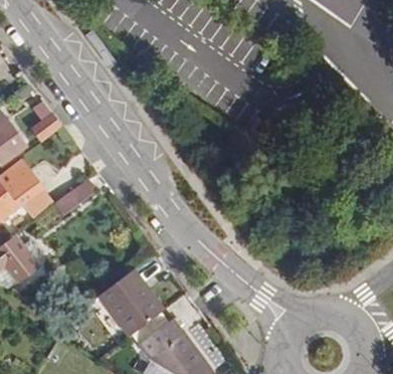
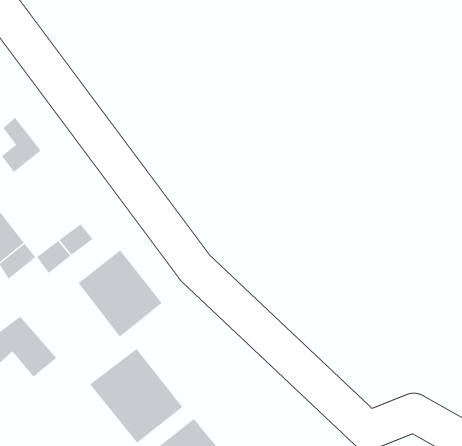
building: none -> [78,249,162,338]

